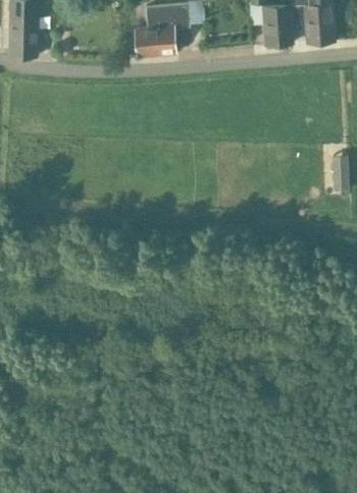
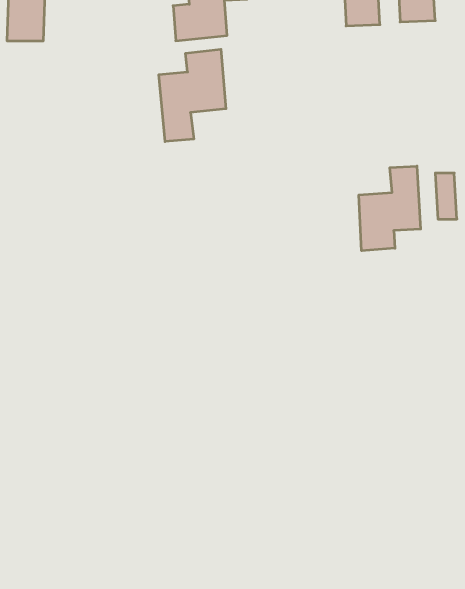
building: none -> [159,49,226,142]
building: none -> [359,166,421,251]

